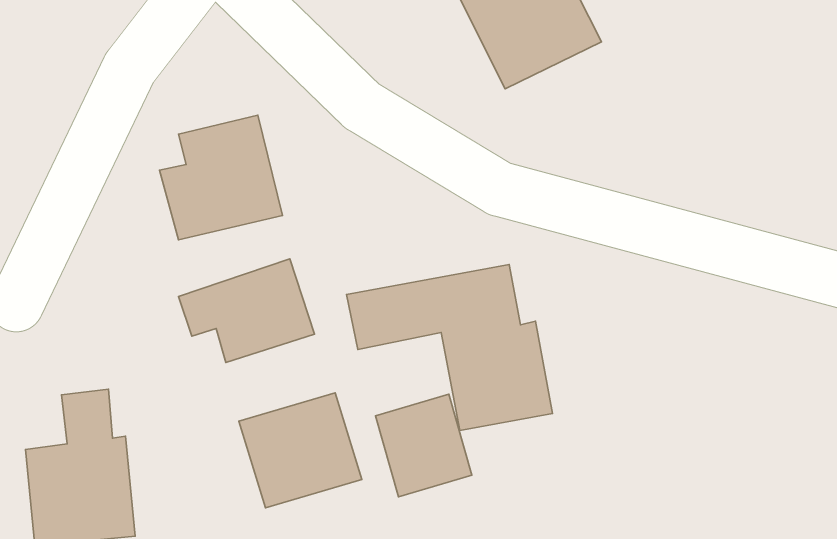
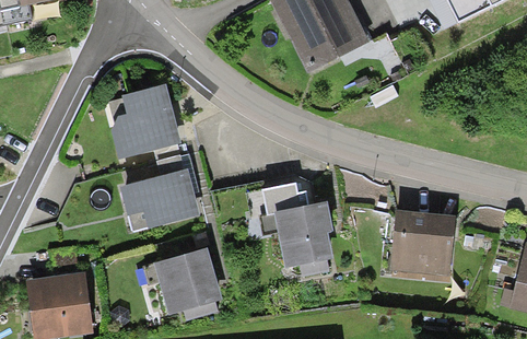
building: none -> [386,211,455,274]
building: [376,394,472,497] -> none

